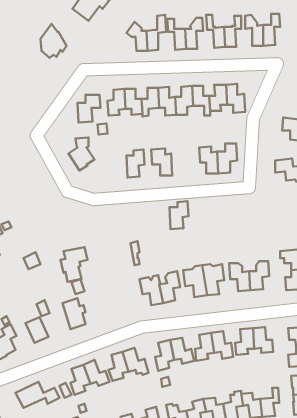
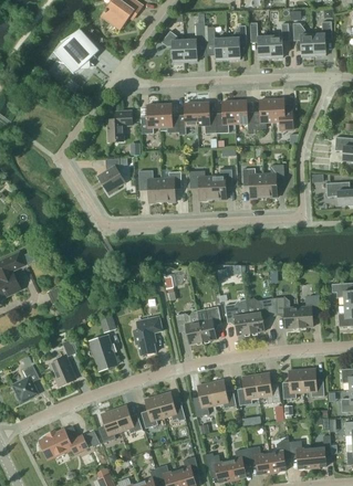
building: none -> [138,170,163,202]
building: [170,201,189,229] -> [211,169,232,200]
building: [61,247,88,282] -> [133,316,163,355]

